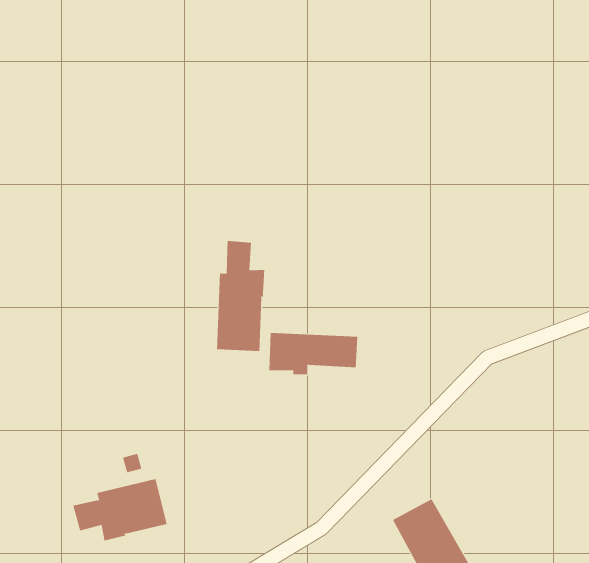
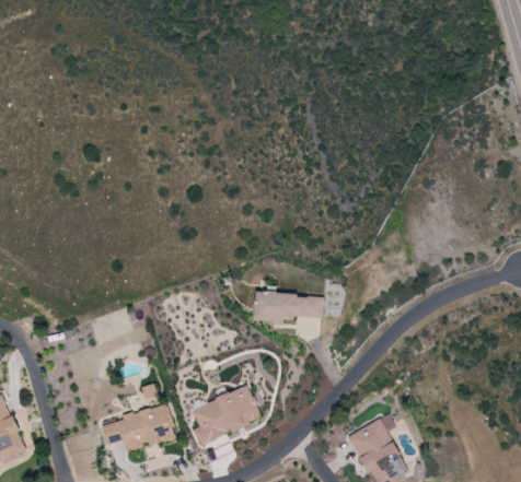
building: [216,240,265,352] -> none
building: none -> [190,385,260,445]

